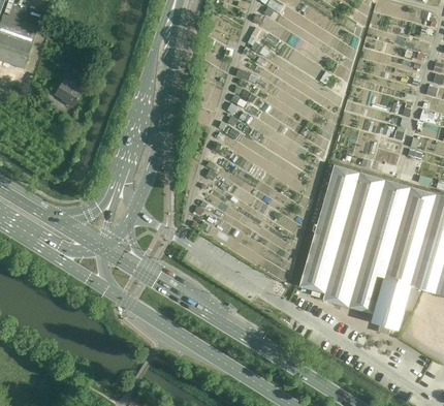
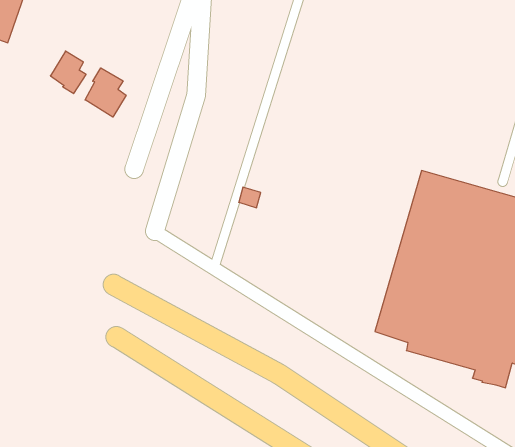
building: none -> [85,68,126,117]

